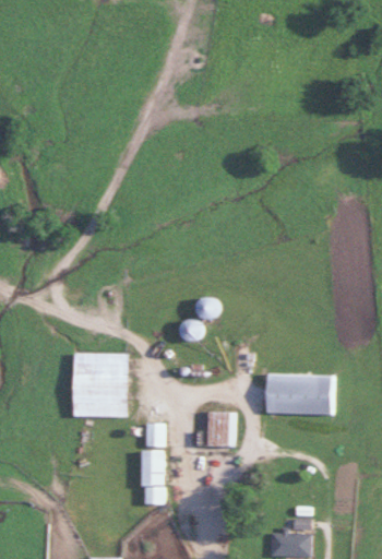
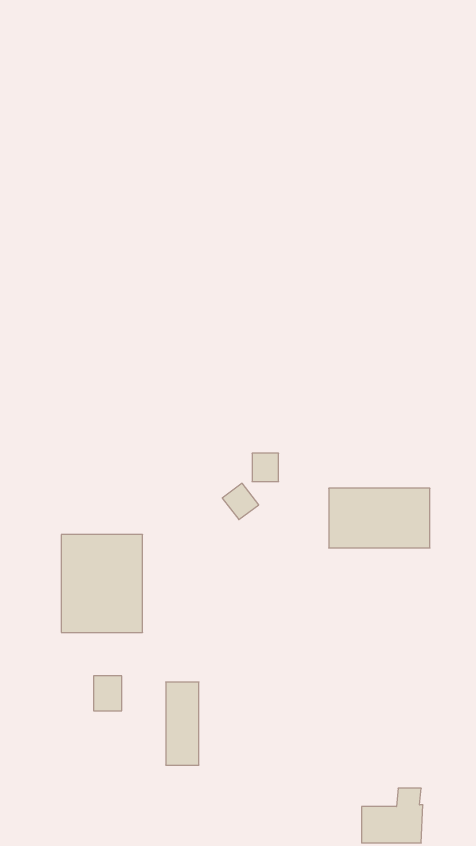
building: [266,374,333,414] -> [329,488,430,548]
building: [207,412,235,448] -> none
building: [145,424,164,447] -> [94,676,122,711]

